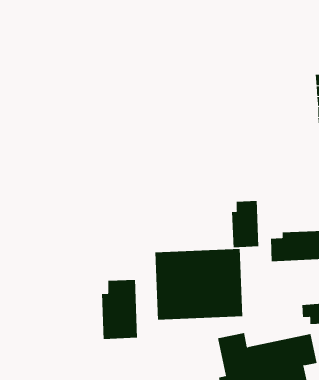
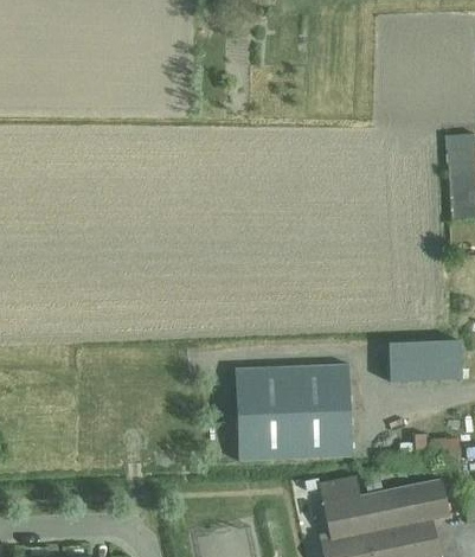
building: [231,200,259,248] -> none
building: [101,279,138,340] -> none

